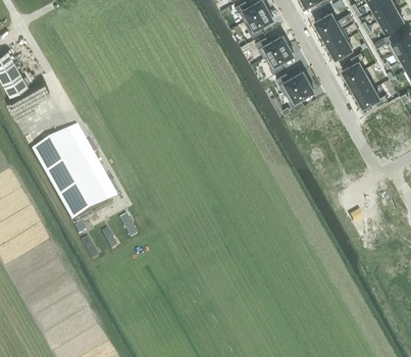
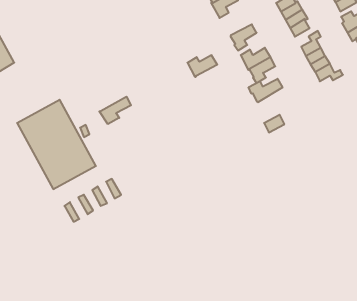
building: [255,33,288,56] -> [187,55,217,77]
building: none -> [249,79,282,102]
building: none -> [99,97,131,124]

